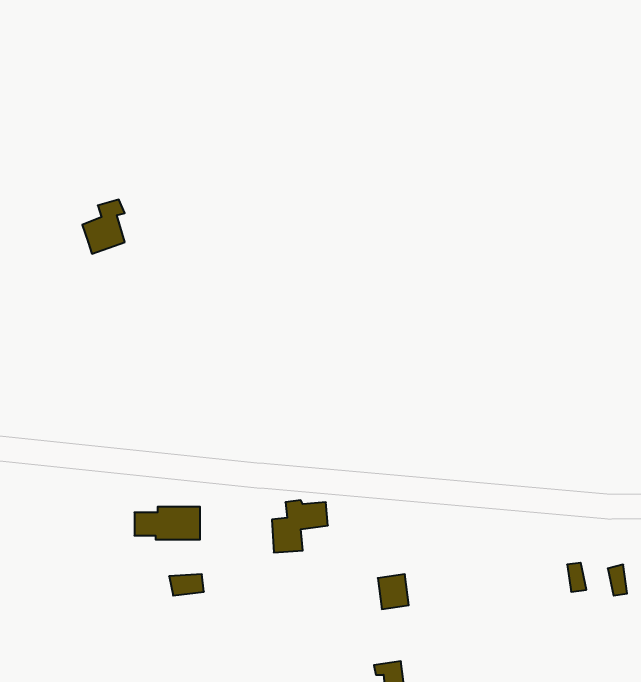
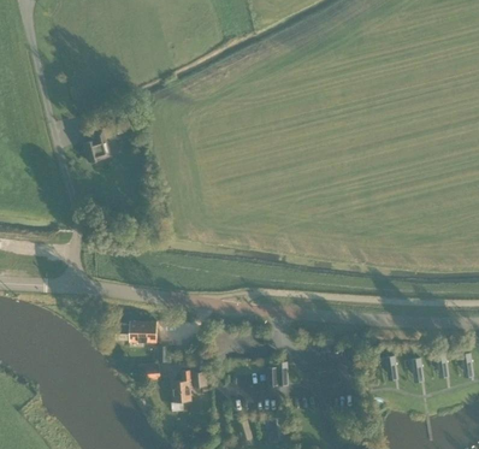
building: [272,500,328,552] -> [173,370,208,402]

